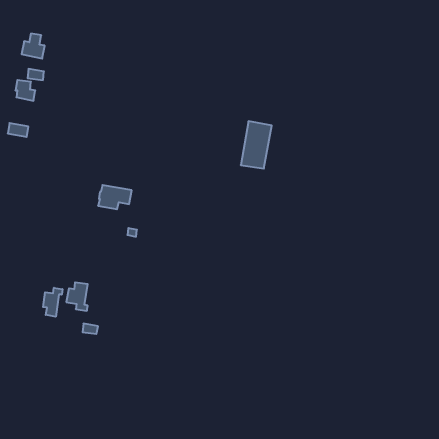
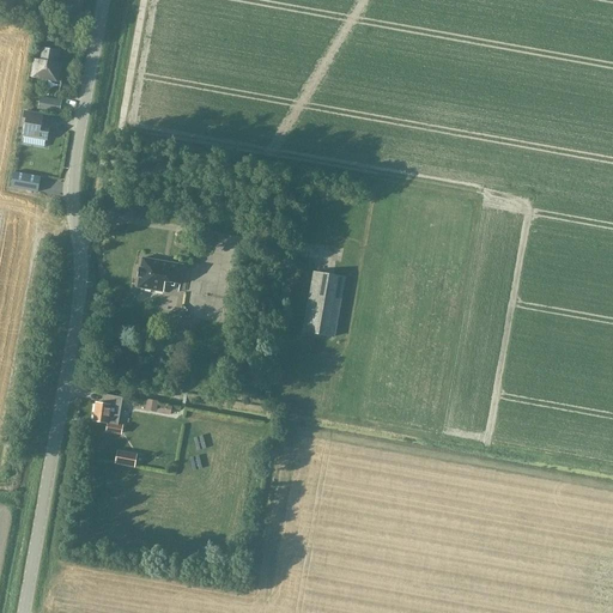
building: [241,121,272,169] -> [303,271,346,336]
building: [43,288,62,317] -> none

